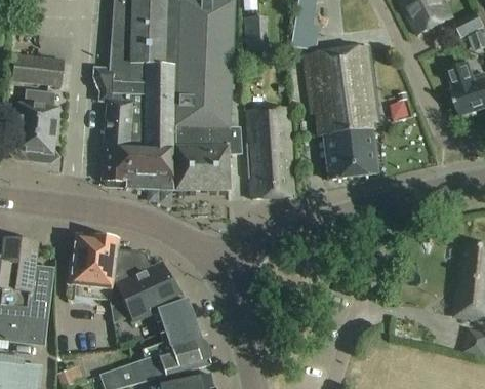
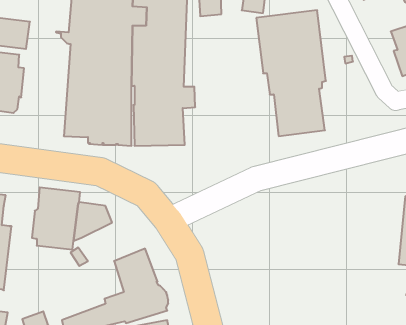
building: [245,107,293,198] -> none
building: [120,267,175,321] -> none

